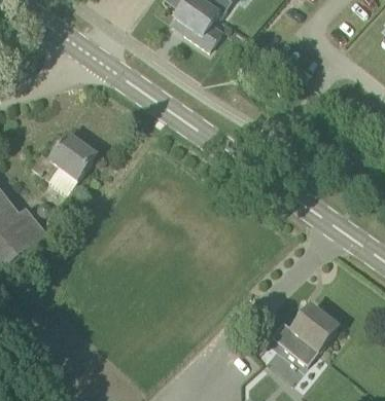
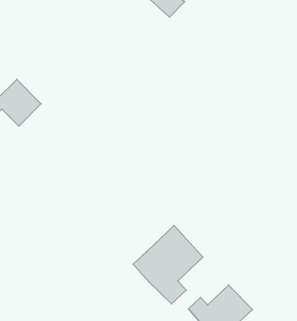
building: none -> [133,225,203,304]

